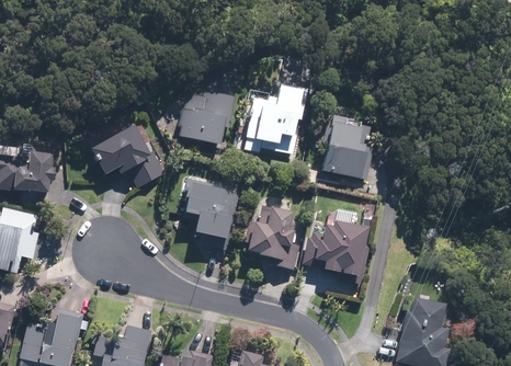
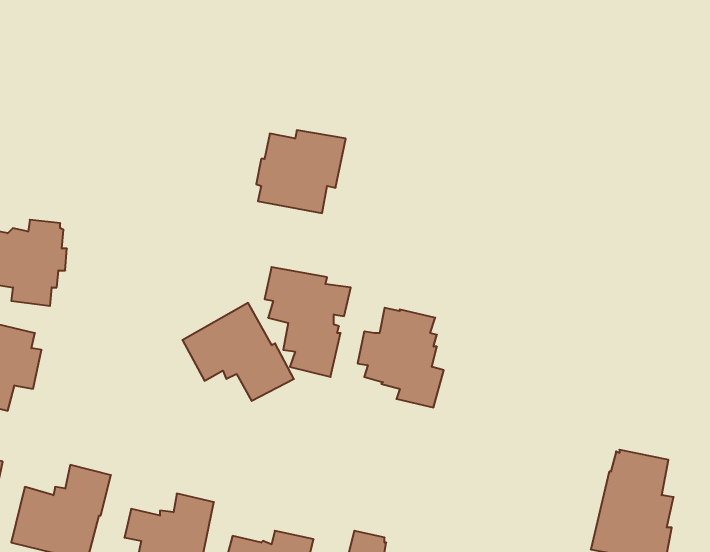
building: [247,82,308,153] -> none
building: [323,114,374,179] -> none
building: [92,124,164,187] -> [182,303,294,401]
building: [302,221,367,284] -> none

